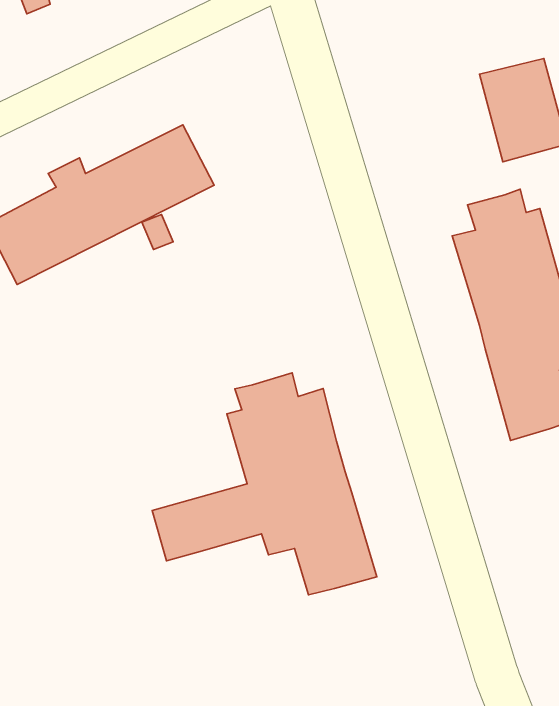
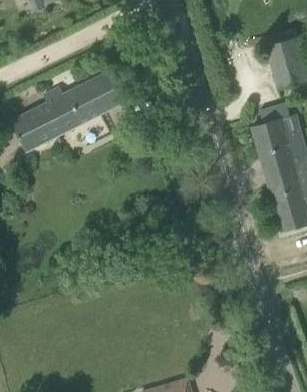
building: [152,373,377,595] -> none

